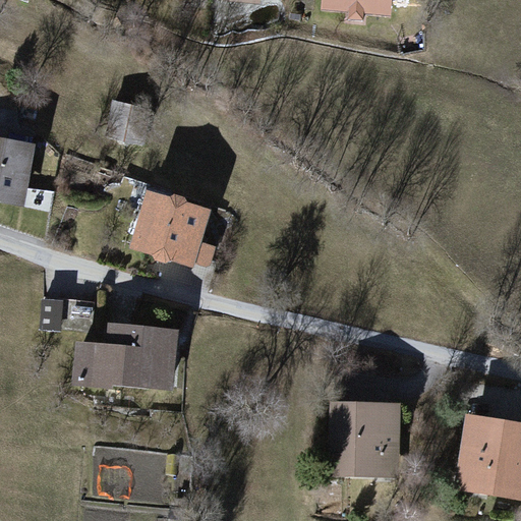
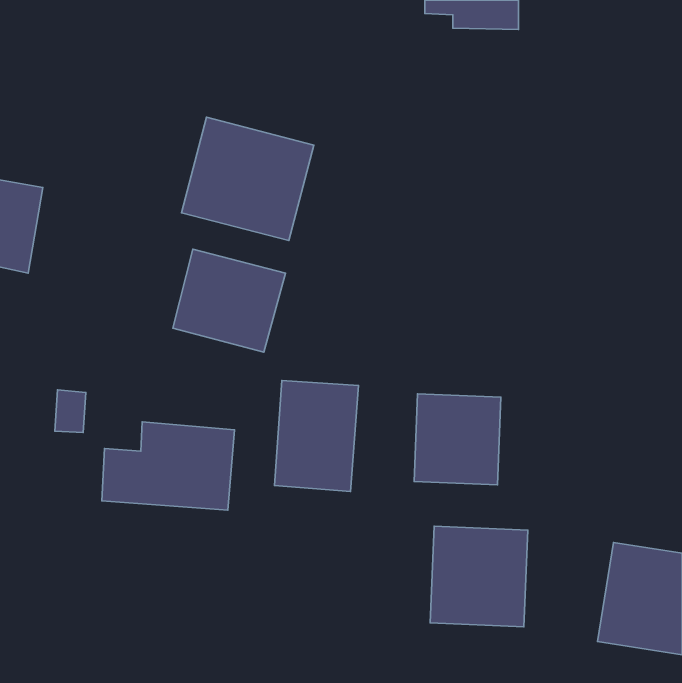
building: none -> [182,117,314,241]
building: none -> [274,381,359,492]
building: none -> [414,394,501,485]

